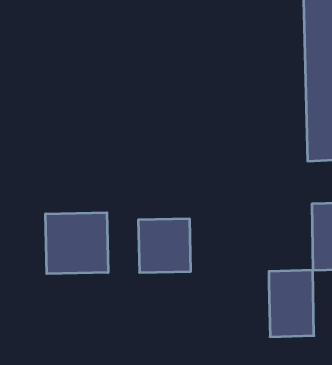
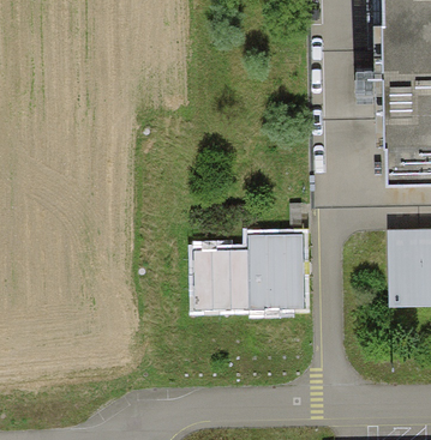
building: [46,213,108,274] -> none
building: [269,270,314,337] -> [253,235,304,309]

